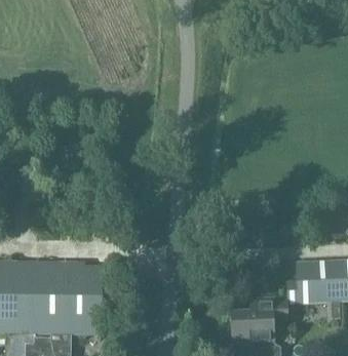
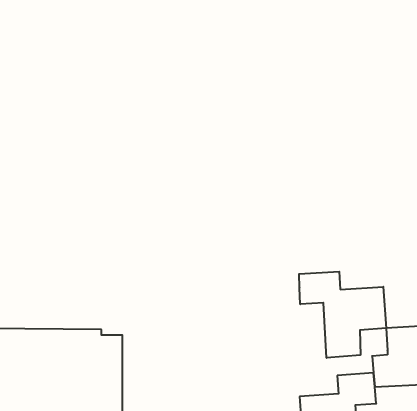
building: none -> [299,272,386,358]

